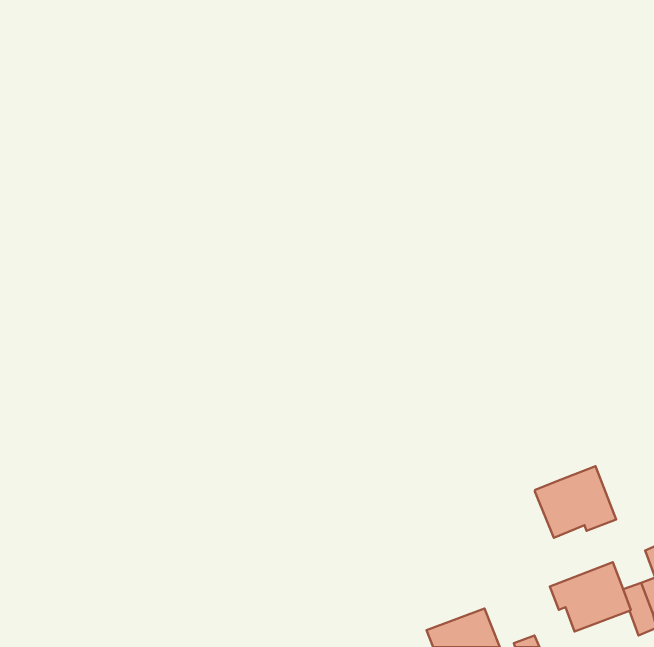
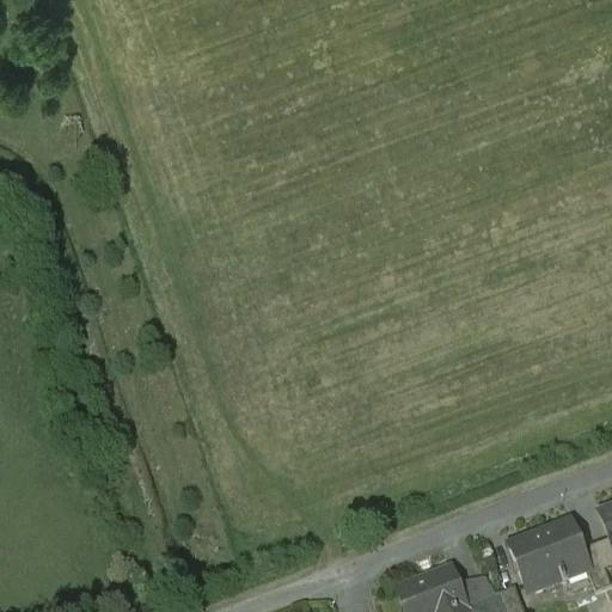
building: [535,466,616,538] -> none

